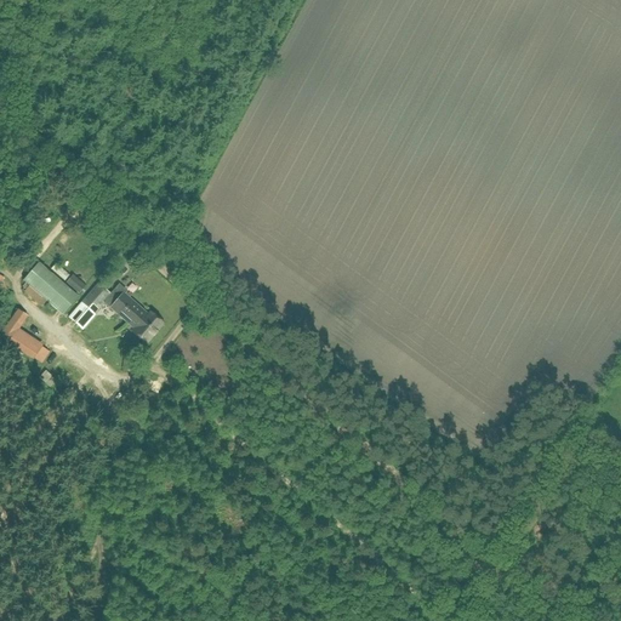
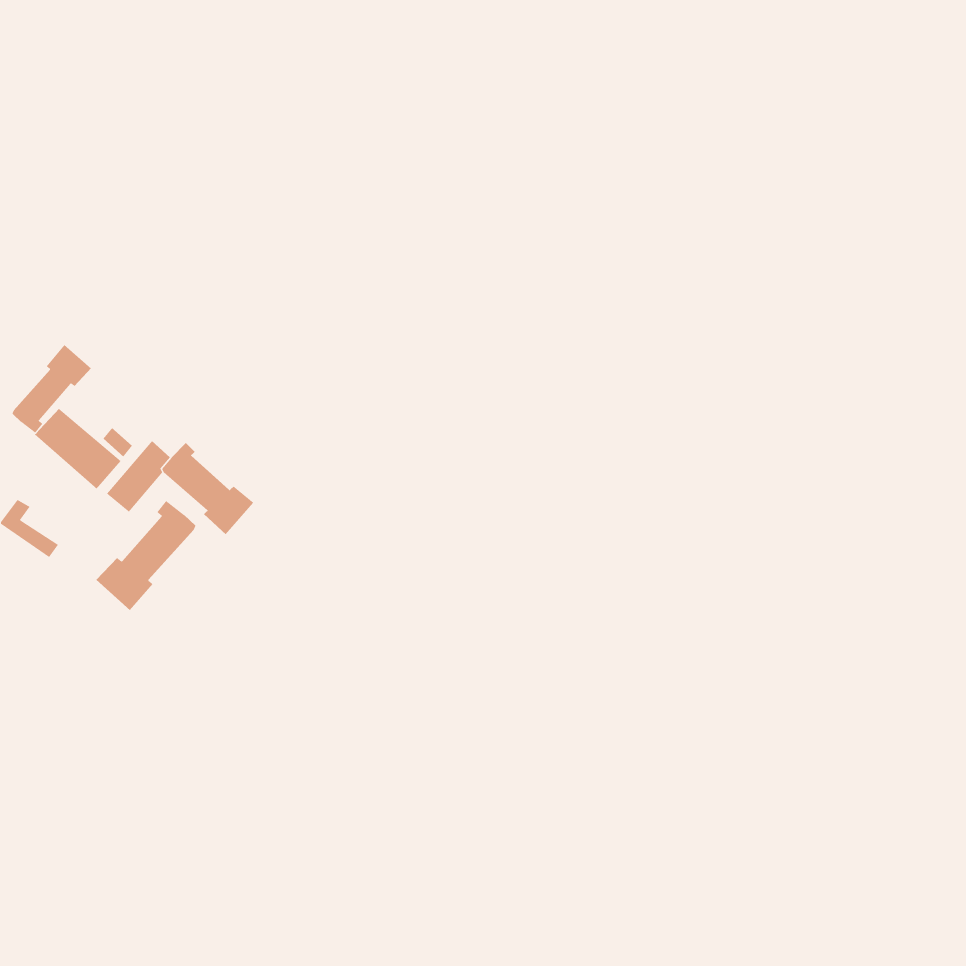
building: none -> [12,344,92,433]
building: none -> [95,500,196,611]

